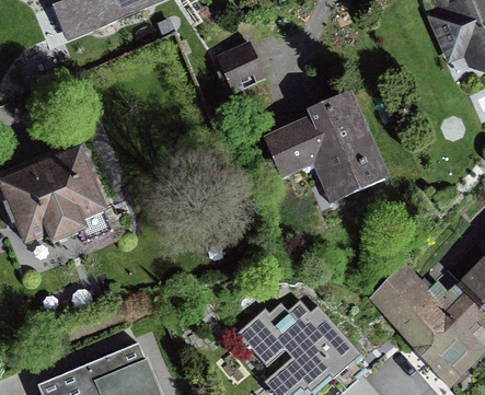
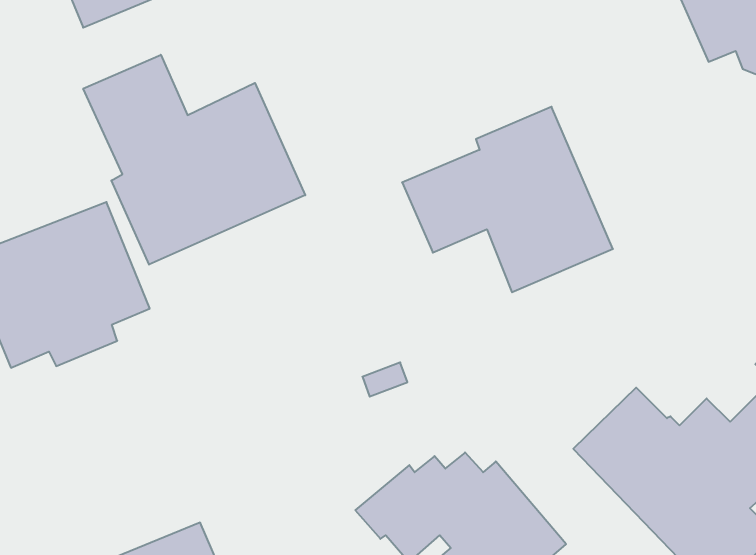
building: [216,39,267,93] -> none
building: none -> [83,55,305,265]

